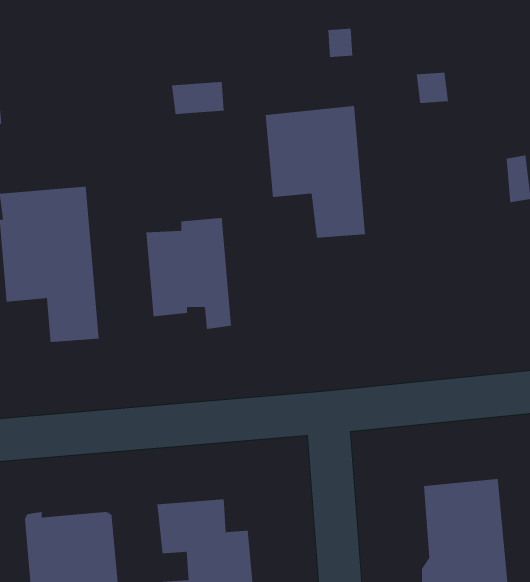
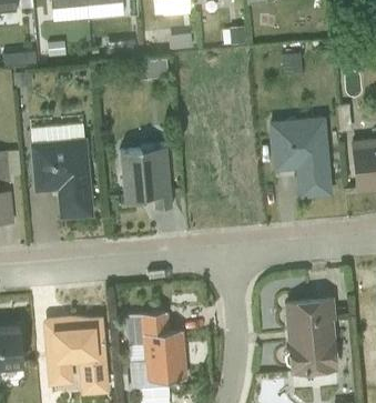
building: [265,106,366,238] -> [270,117,331,197]

